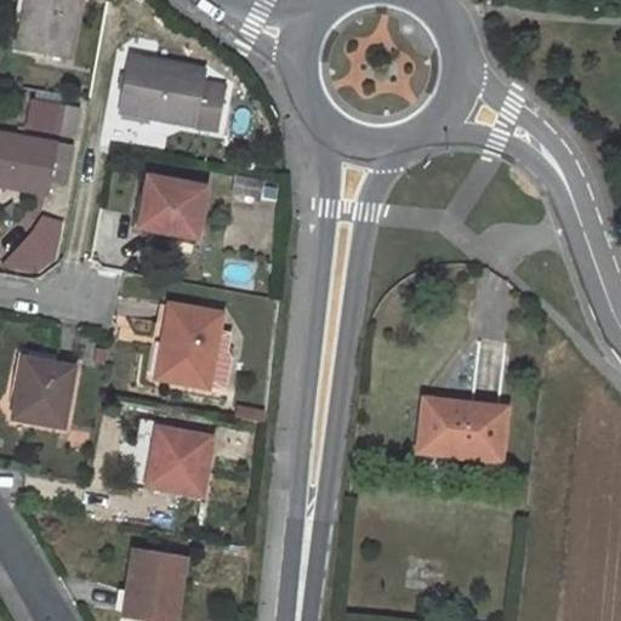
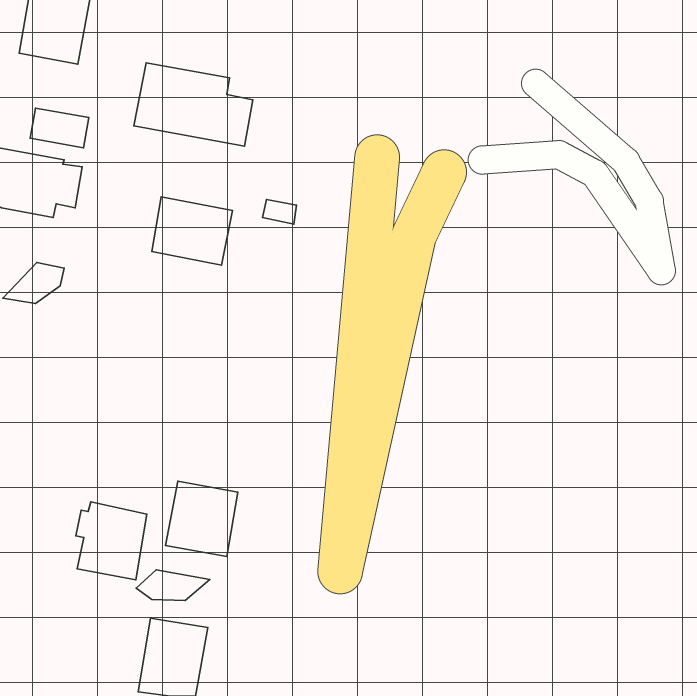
building: [155,302,232,388] -> none
building: [11,355,74,425] -> [76,502,147,580]
building: [418,398,506,461] -> none
building: none -> [136,570,210,601]

